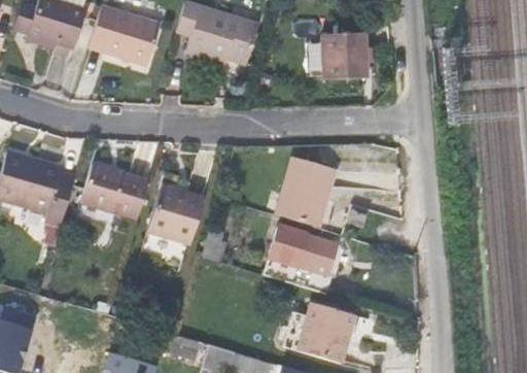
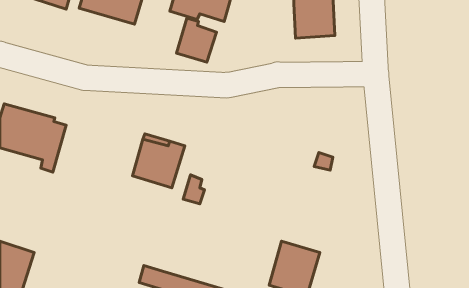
building: none -> [177,18,216,62]
building: [279,160,339,228] -> none
building: [81,166,147,221] -> none
building: [262,226,346,294] -> none

